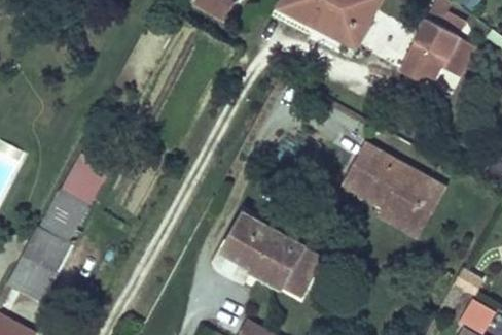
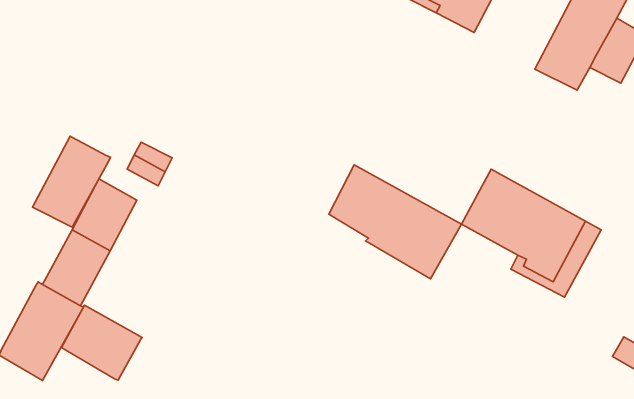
building: none -> [33,136,110,227]
building: [225,214,322,298] -> [329,165,461,279]
building: none -> [62,305,142,380]

